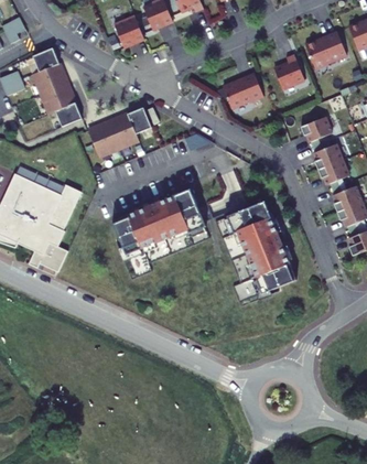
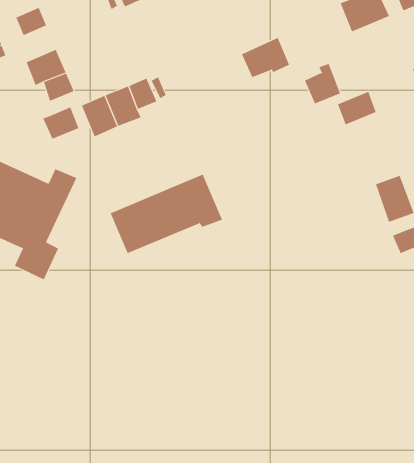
building: [272,53,303,87] -> [304,63,341,104]
building: [32,62,66,93] -> none
building: none -> [43,106,79,139]
building: [313,144,350,185] -> none
building: [226,199,295,292] -> none

